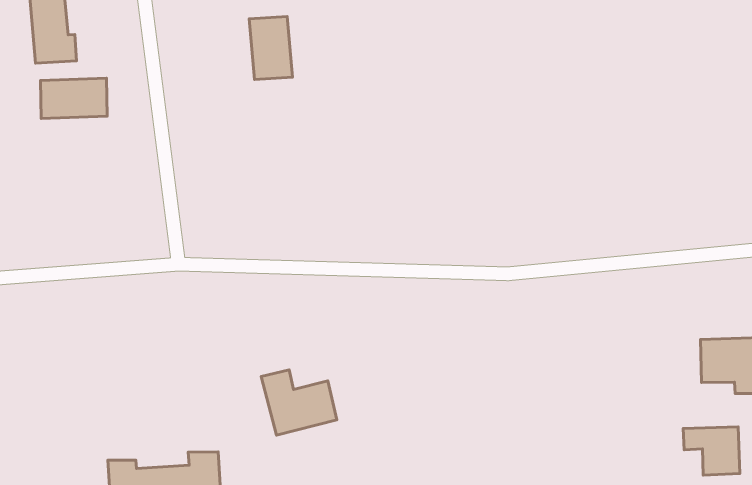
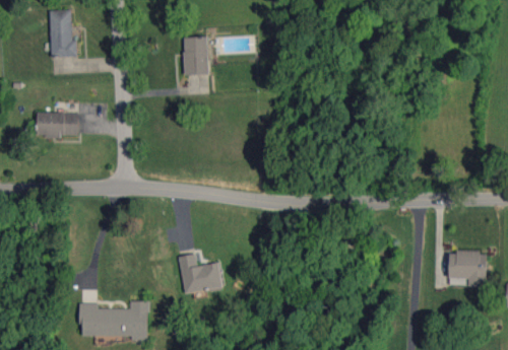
building: [41,78,107,118] -> [37,112,78,136]
building: [683,427,740,475] -> none

